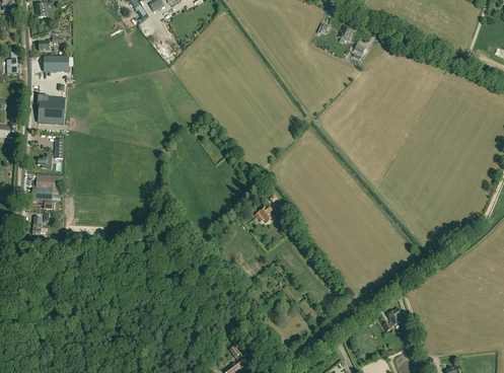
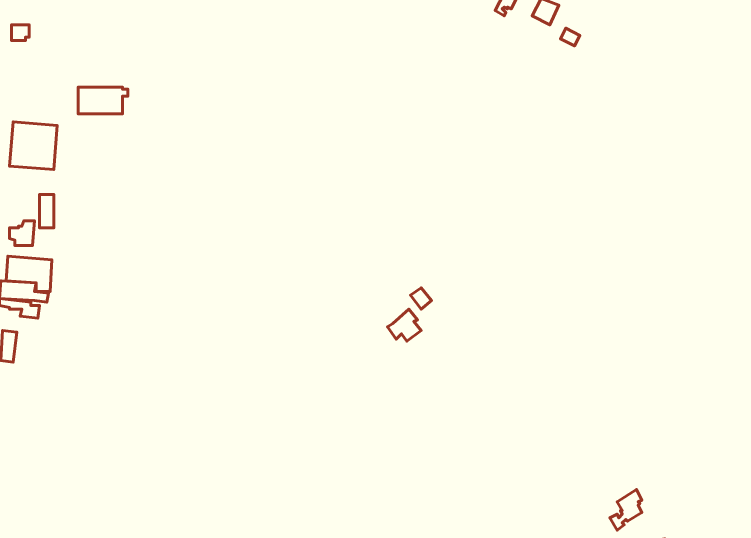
building: [44,57,72,72] -> [78,87,128,114]

